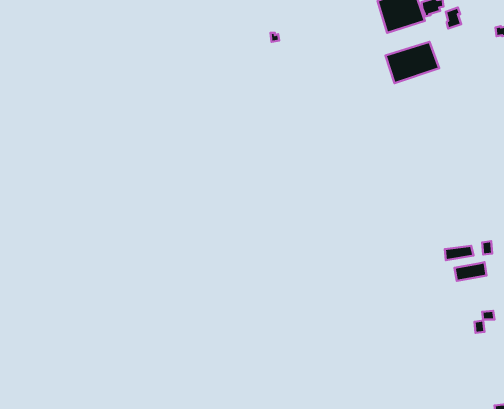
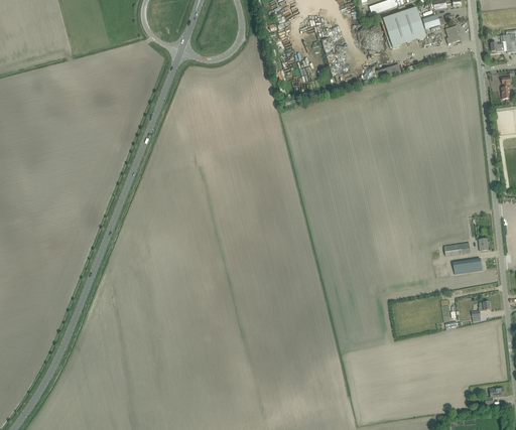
building: [385,42,439,83] -> none

